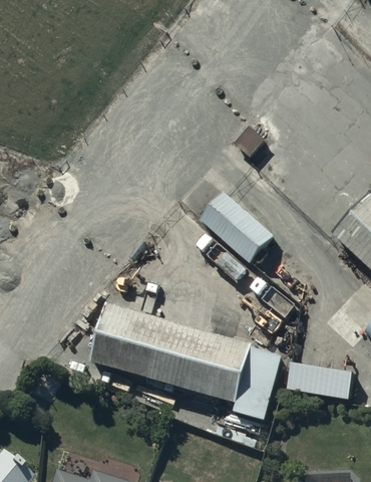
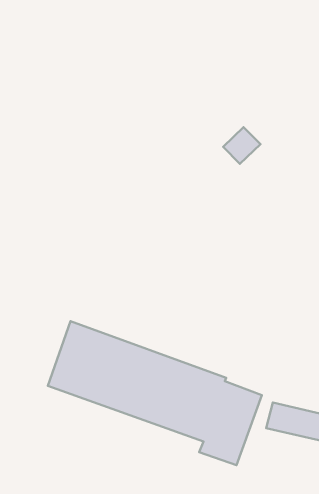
building: [201,188,276,261] -> none

